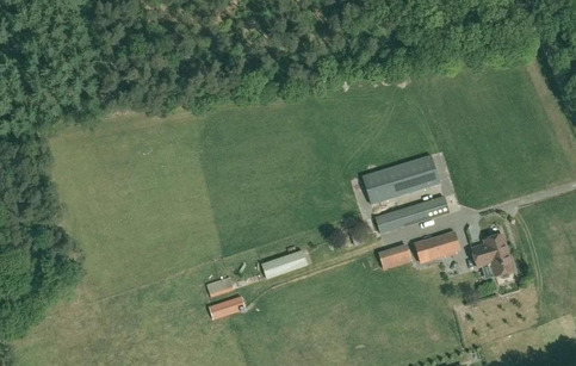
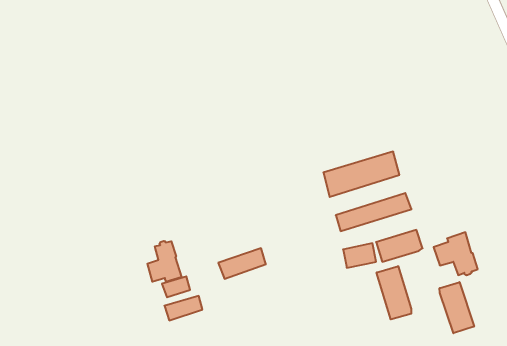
building: none -> [147,241,182,282]
building: none -> [377,266,411,319]
building: none -> [440,282,474,333]

